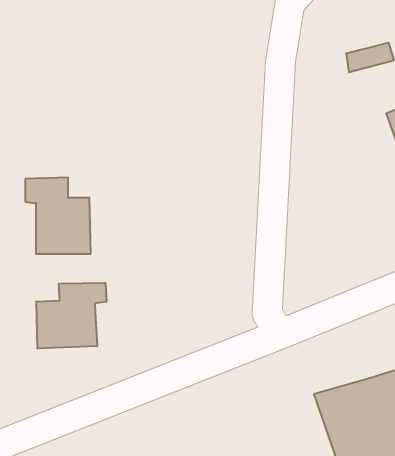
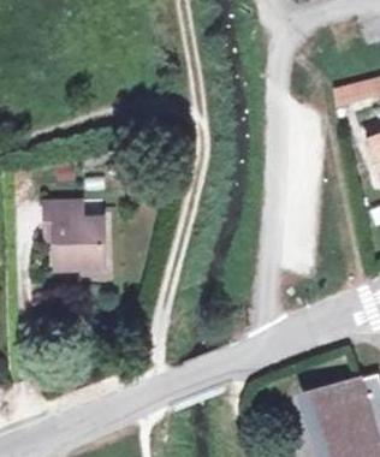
building: [37,283,106,349] -> none

